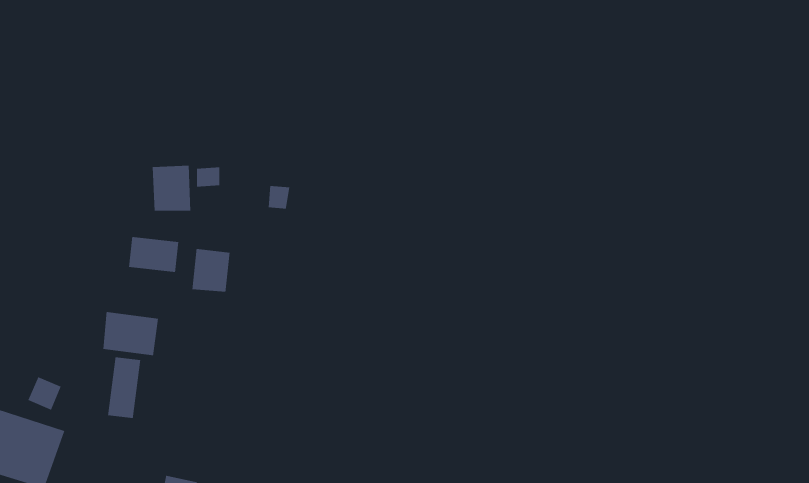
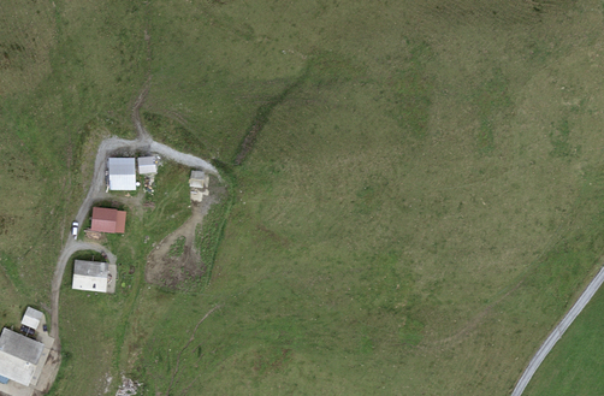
building: [192,248,230,292] -> none
building: [107,356,141,419] -> none

